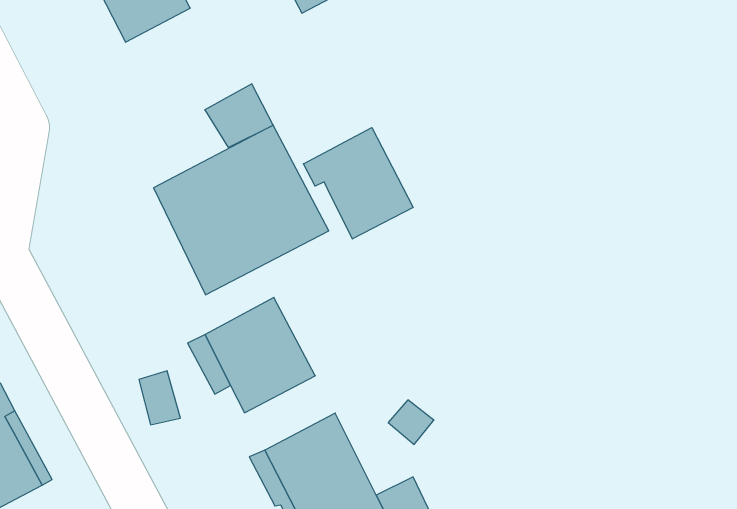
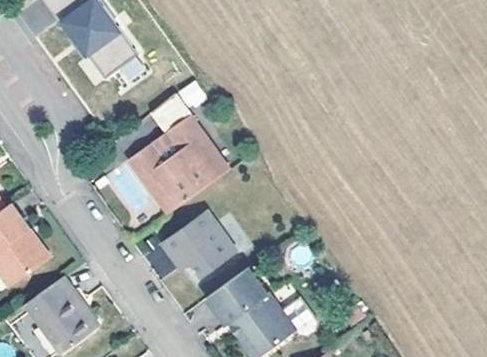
building: [303,128,413,239] -> none

